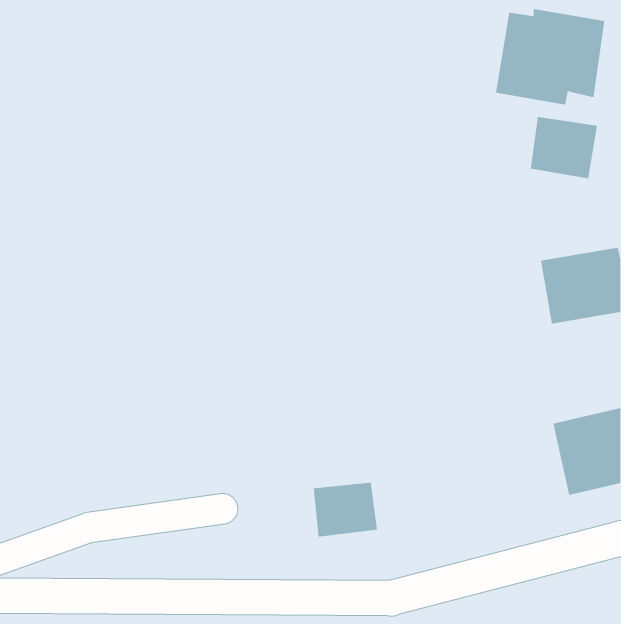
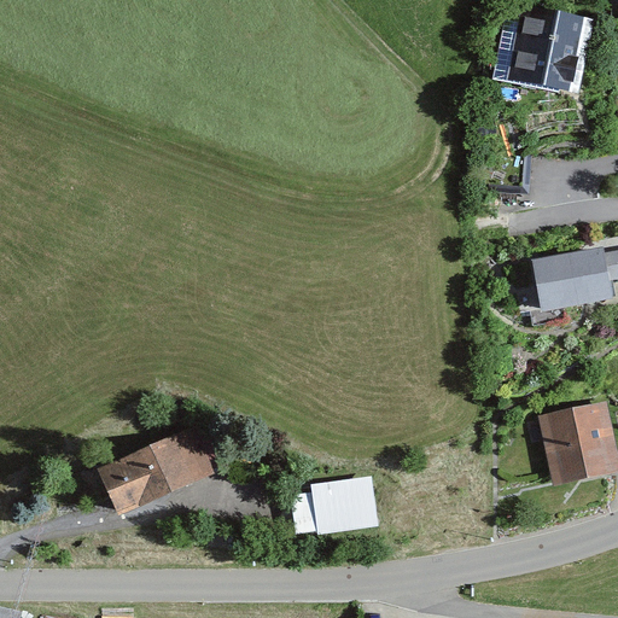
building: [530,116,597,179] -> none
building: none -> [97,427,208,514]

